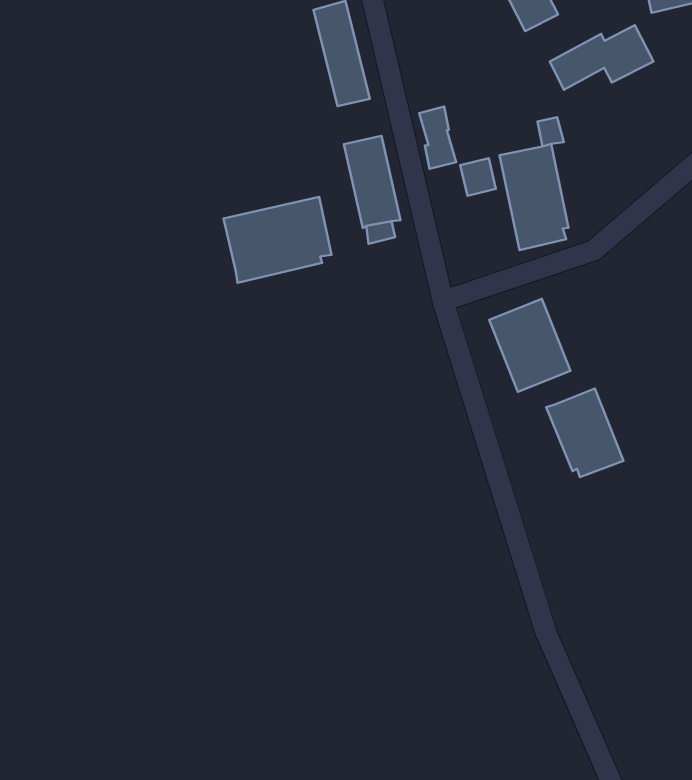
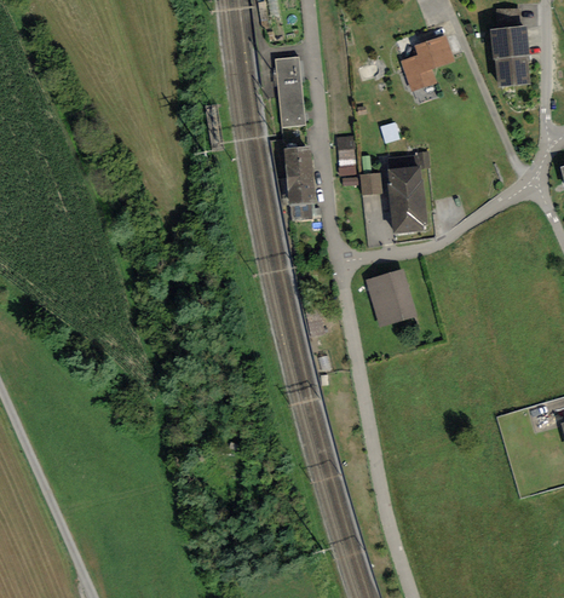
building: [550,25,653,90] -> none
building: [223,197,331,283] -> none
building: [546,388,624,477] -> none

